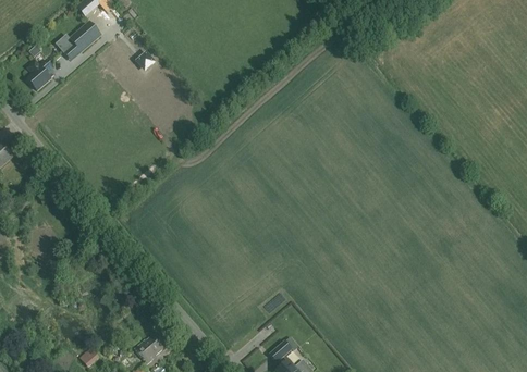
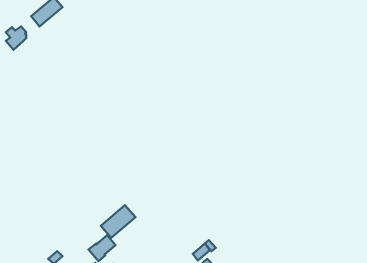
building: none -> [101,205,135,238]

